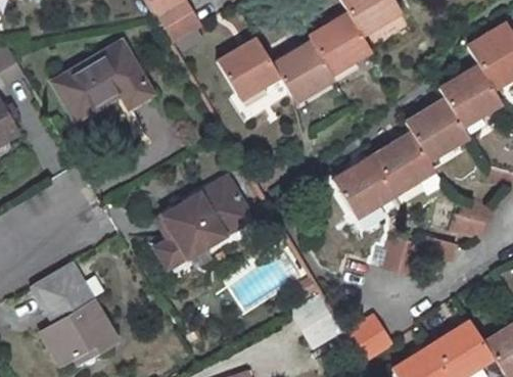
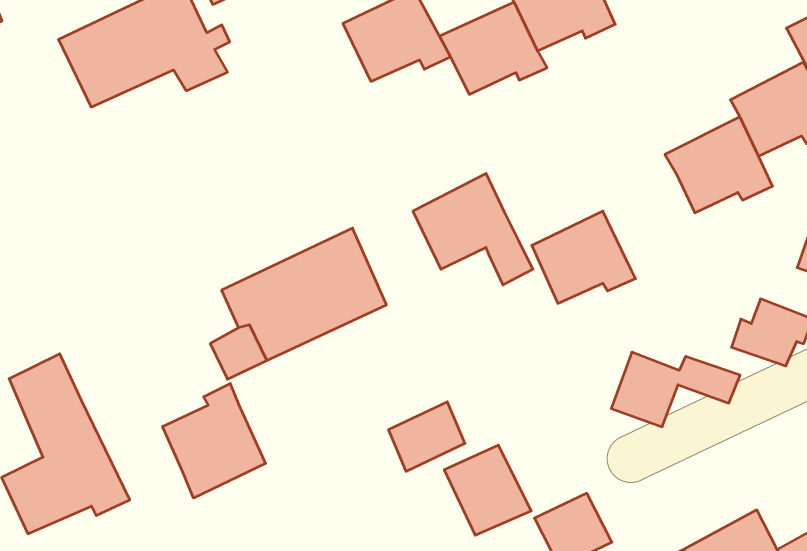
building: [372,133,442,195] -> [413,173,533,285]
building: none -> [163,383,266,498]
building: none -> [389,402,465,471]

